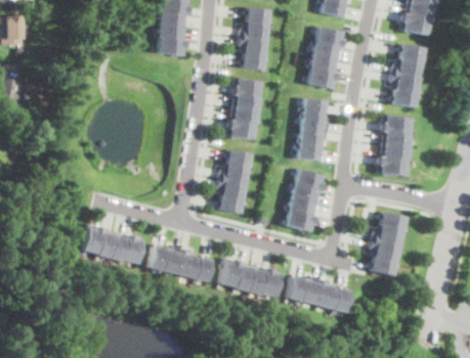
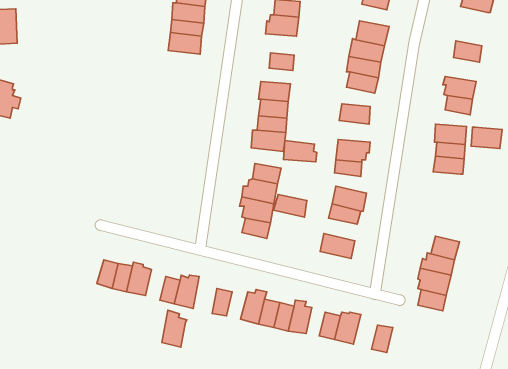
building: [402,14,431,35] -> none
building: [239,38,266,56] -> none
building: [394,58,424,79] -> none
building: [302,113,331,131] -> [284,140,317,162]
building: [381,156,408,175] -> [471,127,502,149]
building: [290,196,318,216] -> [273,195,307,217]
building: [81,224,100,253] -> none
building: [177,247,199,278] -> [162,310,187,347]
building: [315,279,337,309] -> none

